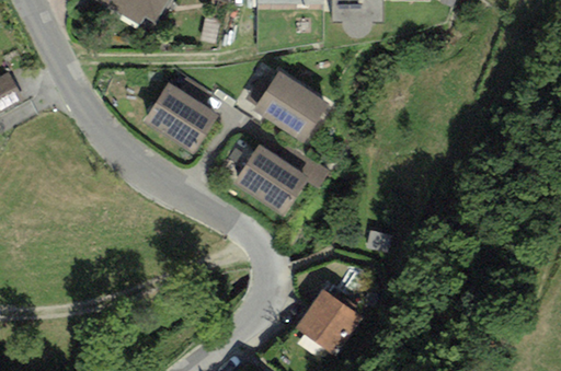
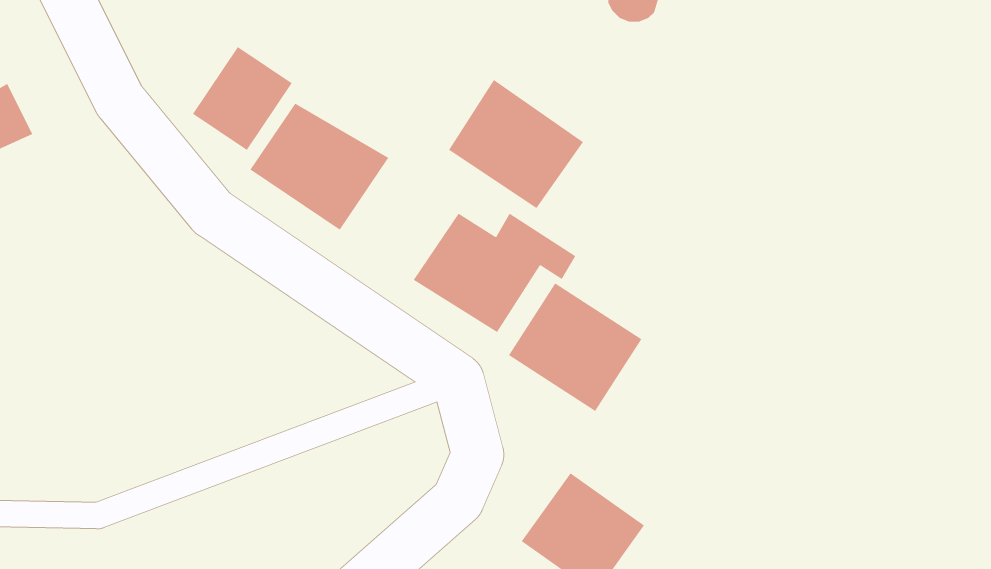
building: none -> [192,46,293,151]
building: none -> [508,283,642,412]

